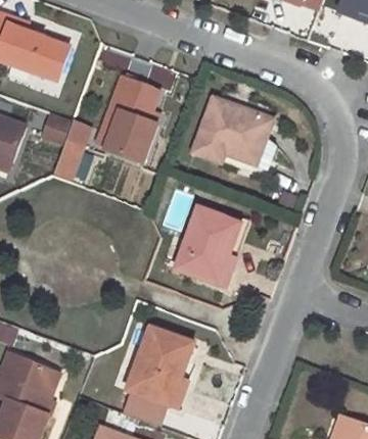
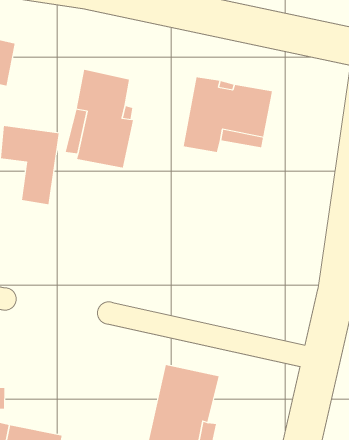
building: [175,207,240,287] -> none

